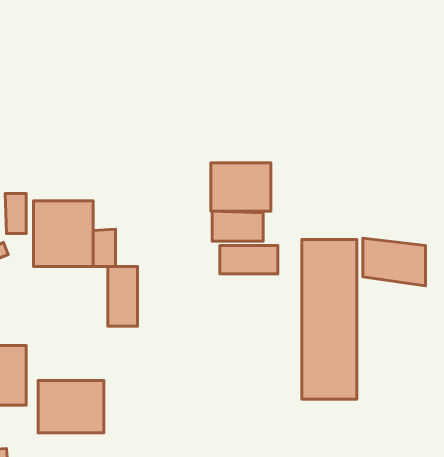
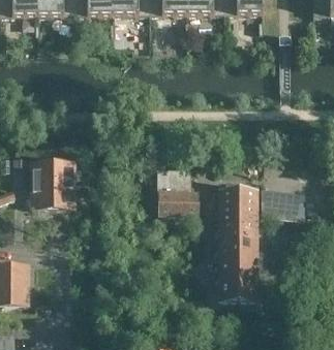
building: [211,163,271,211] -> none
building: [108,266,138,326] -> none
building: [38,380,104,433] -> none

